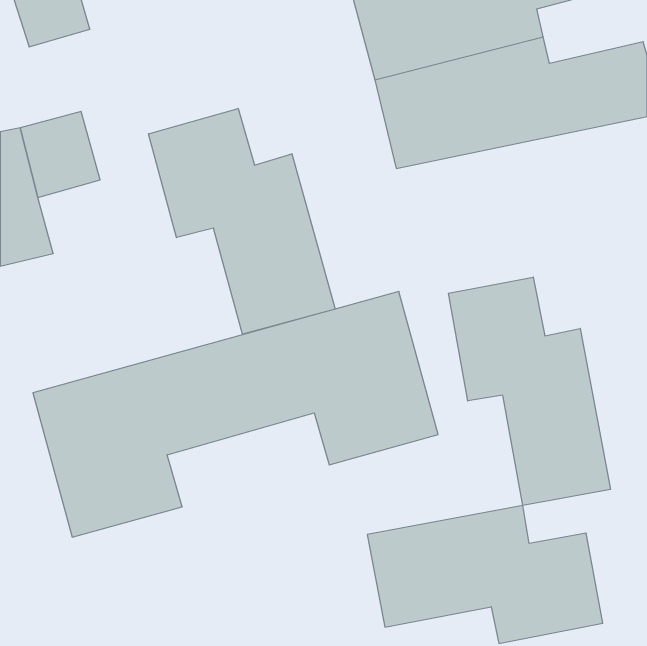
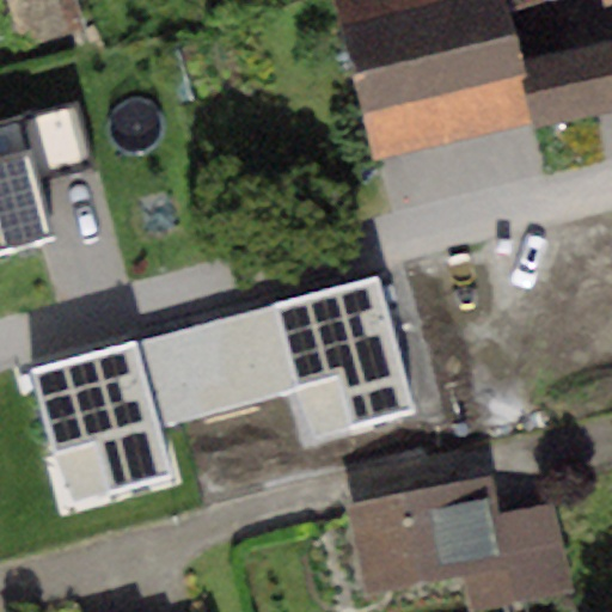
building: [149,108,335,334] -> none
building: [448,277,610,505] -> none

